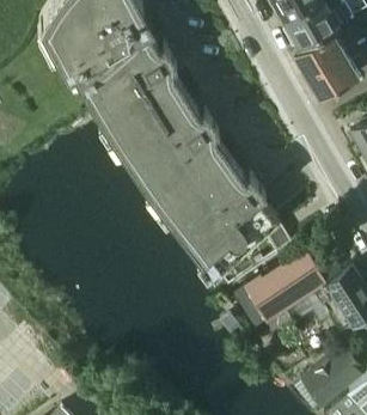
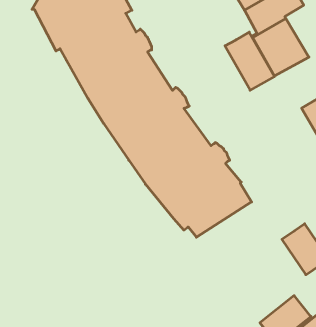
building: none -> [225,32,274,90]
building: [240,250,341,322] -> none

